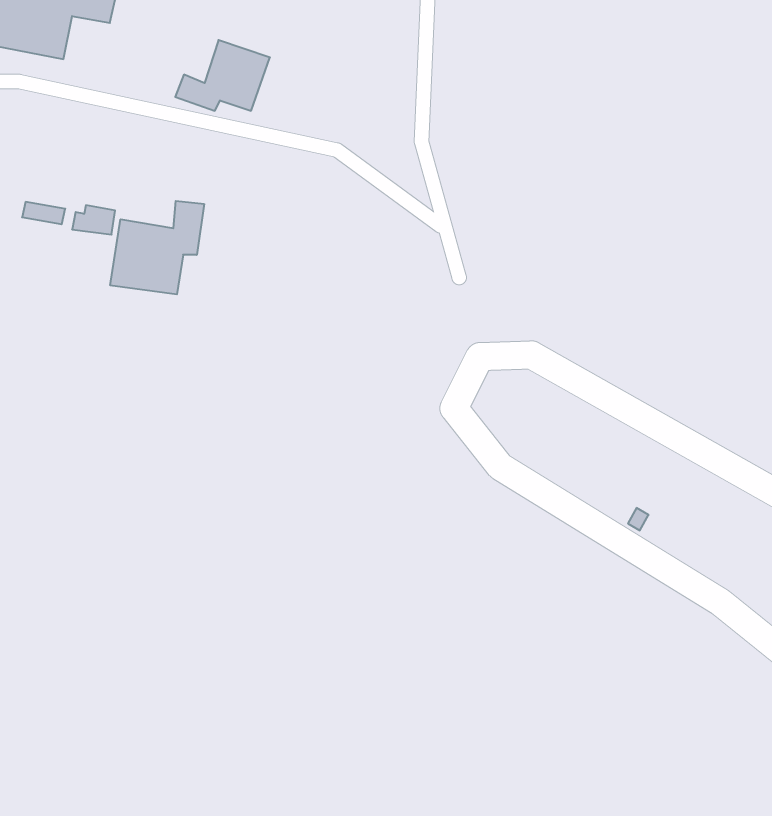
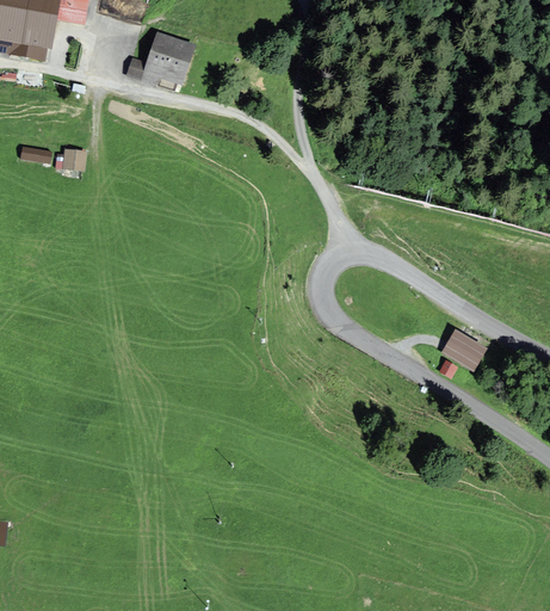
building: [110,201,204,294] -> none
building: none -> [444,329,486,366]

